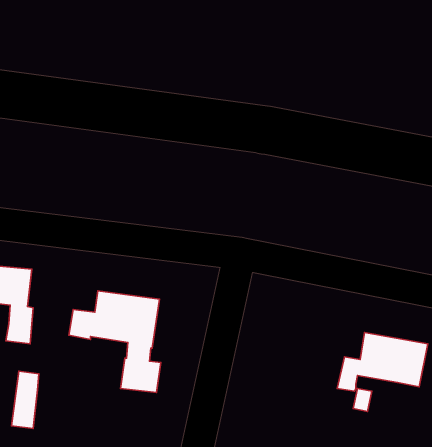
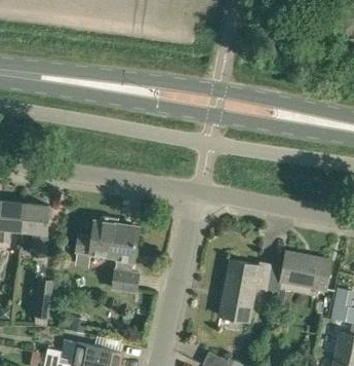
building: none -> [219,258,271,322]

